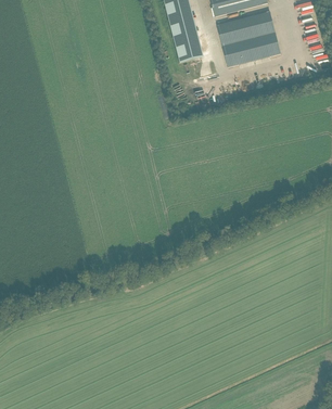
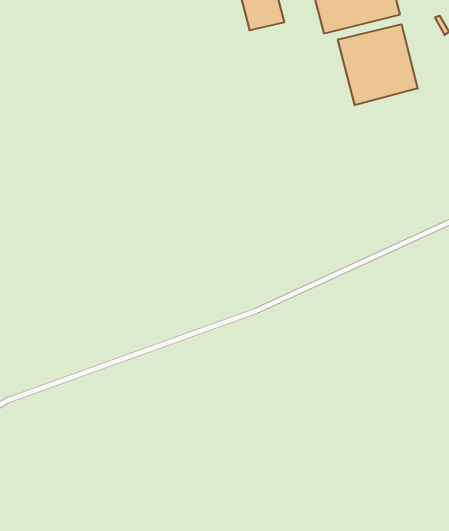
building: none -> [338,24,418,105]

